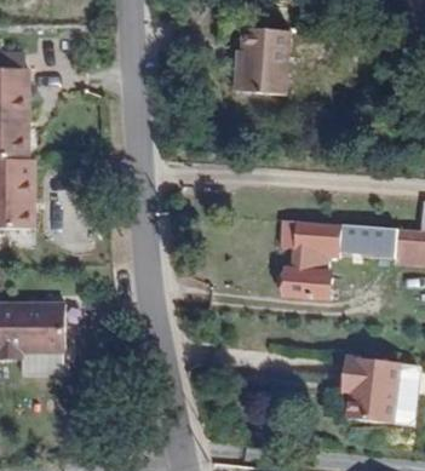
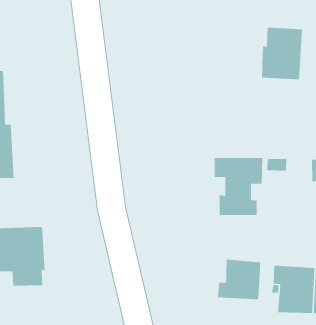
building: [237,33,293,102] -> [261,27,303,80]
building: none -> [217,259,261,300]

